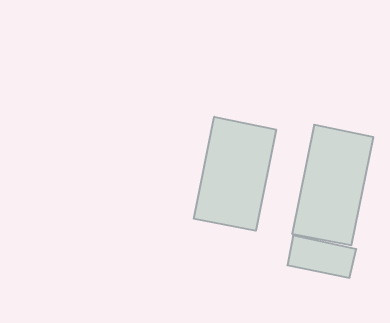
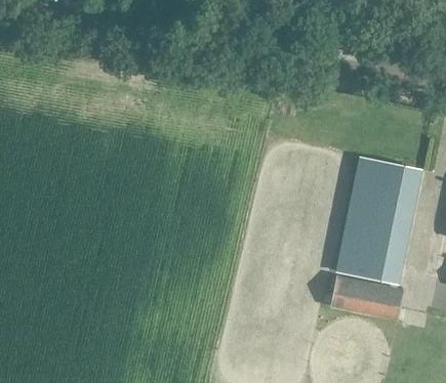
building: [194,117,276,231] -> none

